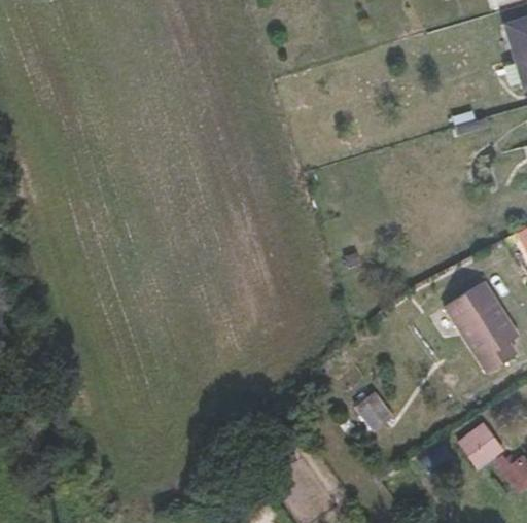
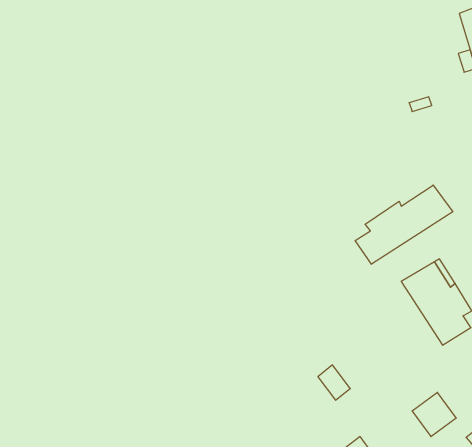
building: none -> [355,185,453,264]

